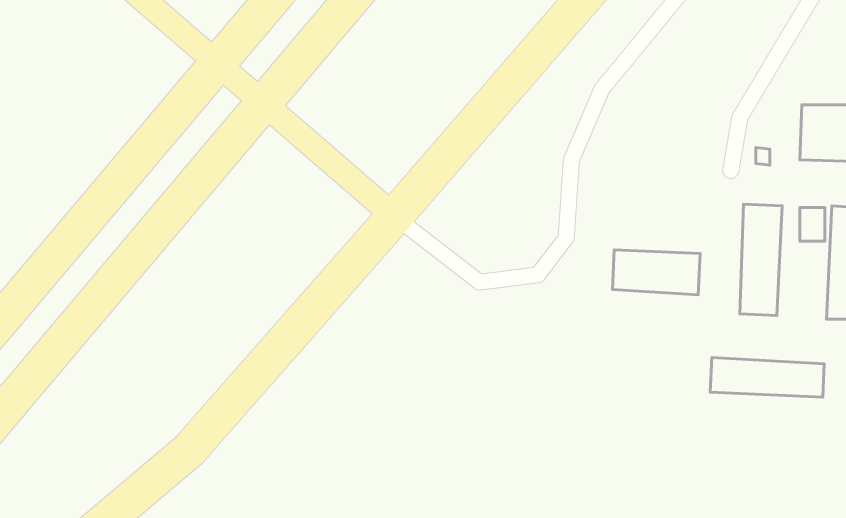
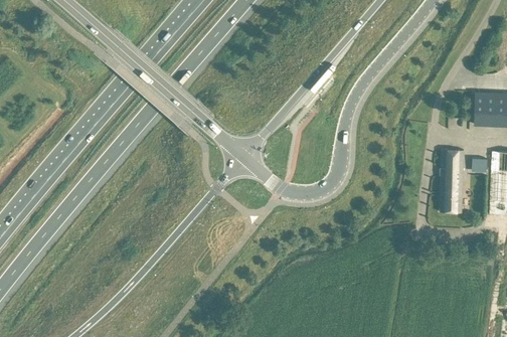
building: [612,250,700,295] -> none
building: [710,357,824,397] -> none

